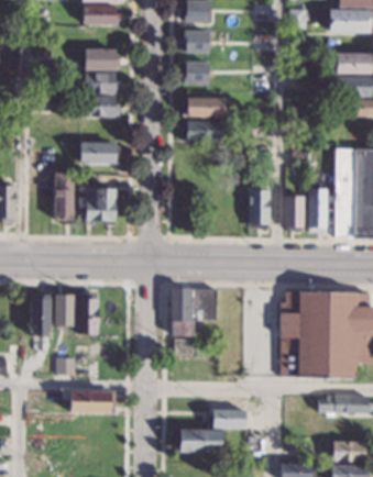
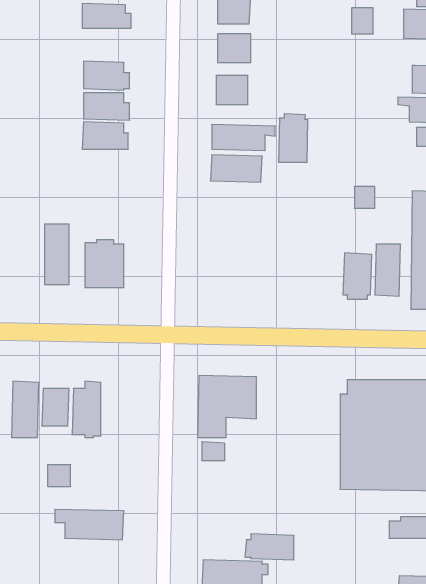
building: none -> [279,113,308,163]
building: [80,143,120,164] -> none
building: [248,190,270,229] -> none

